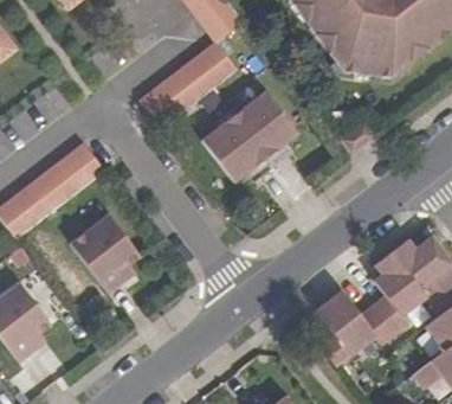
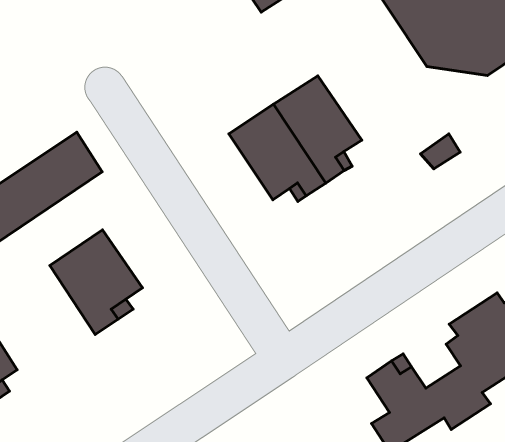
building: [140,40,238,127] -> none

